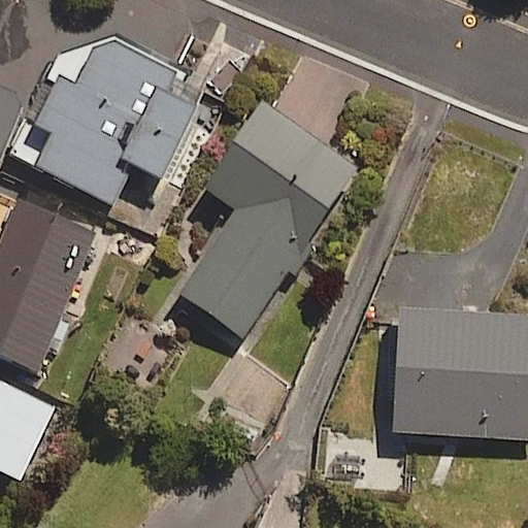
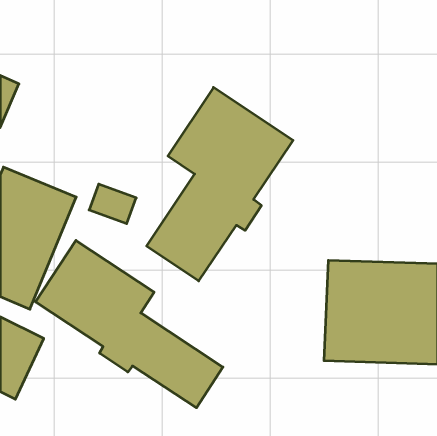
building: [18,35,194,203] -> none
building: none -> [36,240,223,408]

